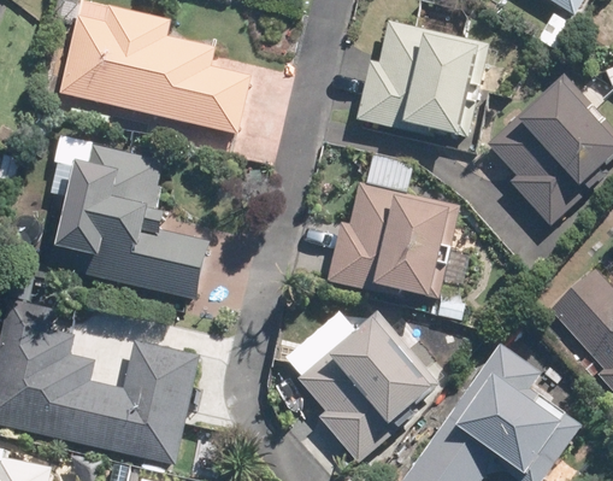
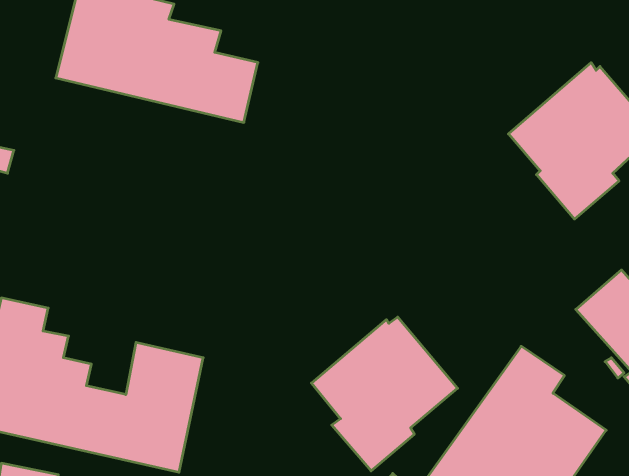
building: [358,22,487,131] -> none
building: [49,143,208,297] -> none
building: [329,183,458,292] -> none

